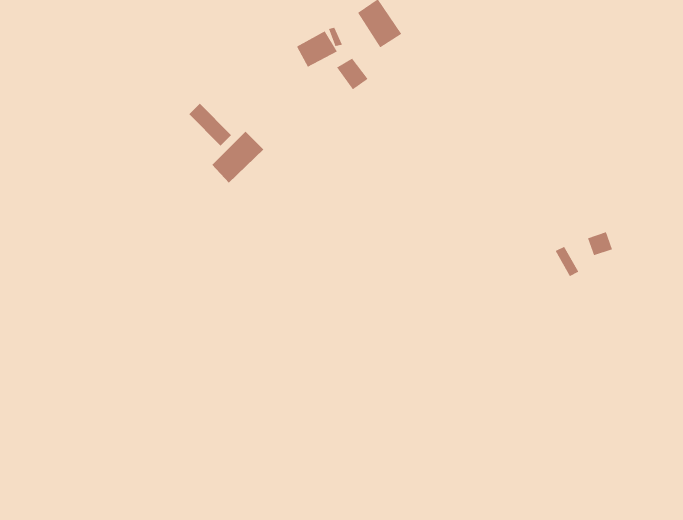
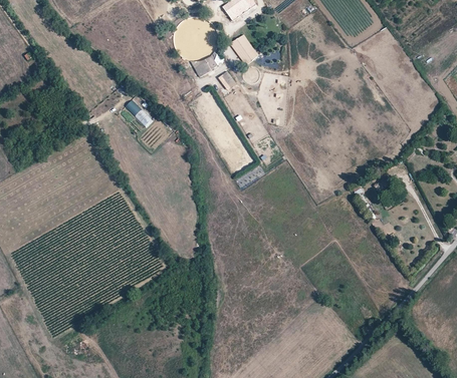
building: [212,131,264,183] -> none

